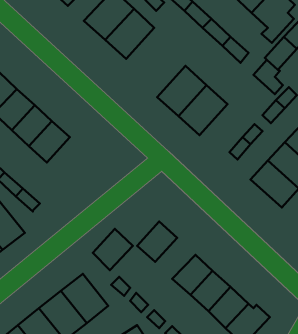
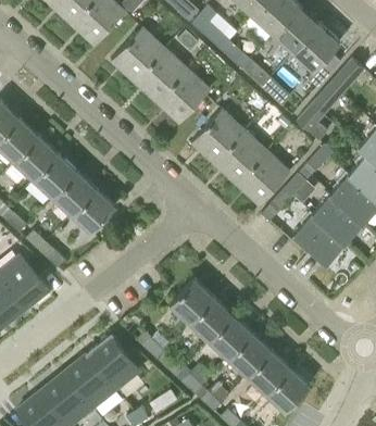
building: none -> [158,70,211,124]
building: none -> [237,152,290,206]
building: none -> [72,188,116,234]
building: [93,229,133,270] -> [189,297,233,341]

